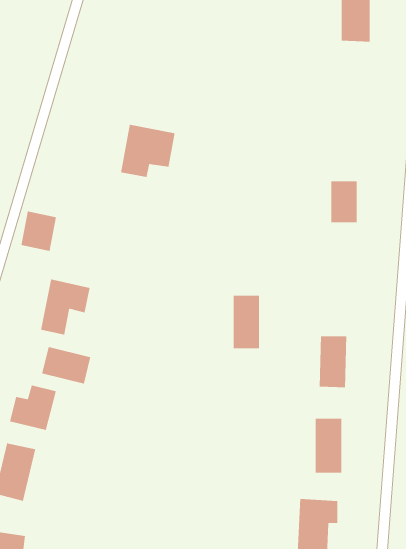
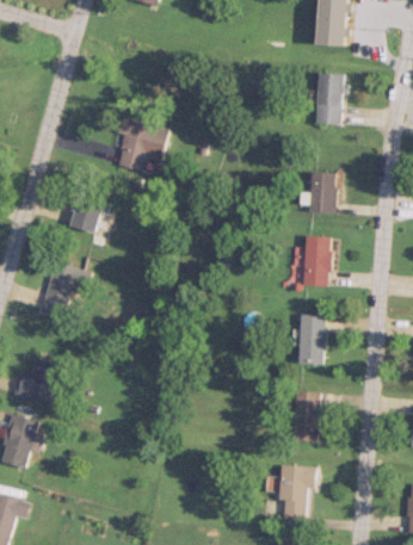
building: none -> [316,72,341,123]
building: [21,211,57,252] -> [67,193,100,231]
building: [233,295,260,349] -> [304,236,329,286]
building: [41,346,91,385] -> none

